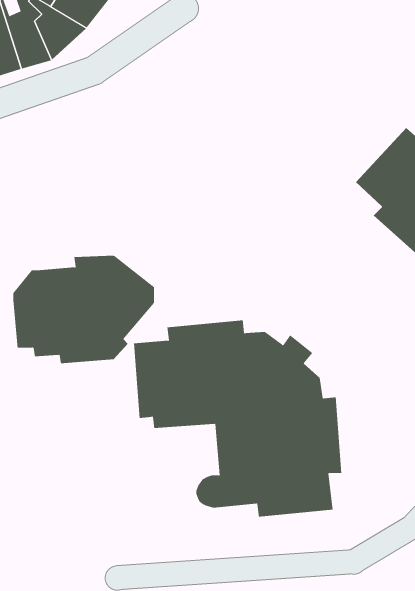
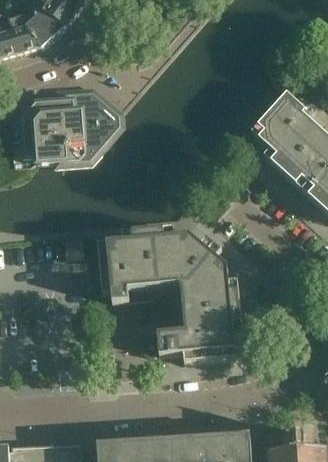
building: [12,255,155,364] -> [24,92,122,167]

